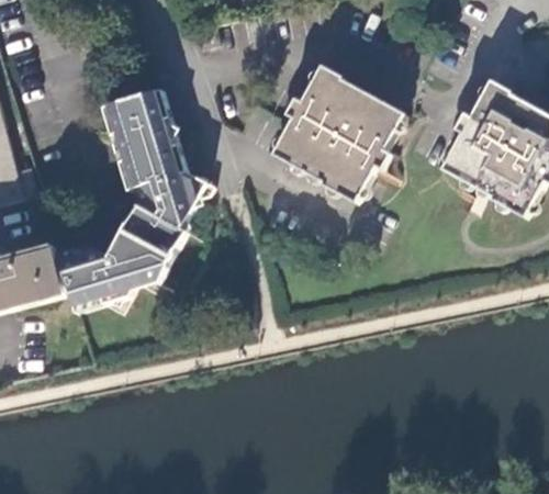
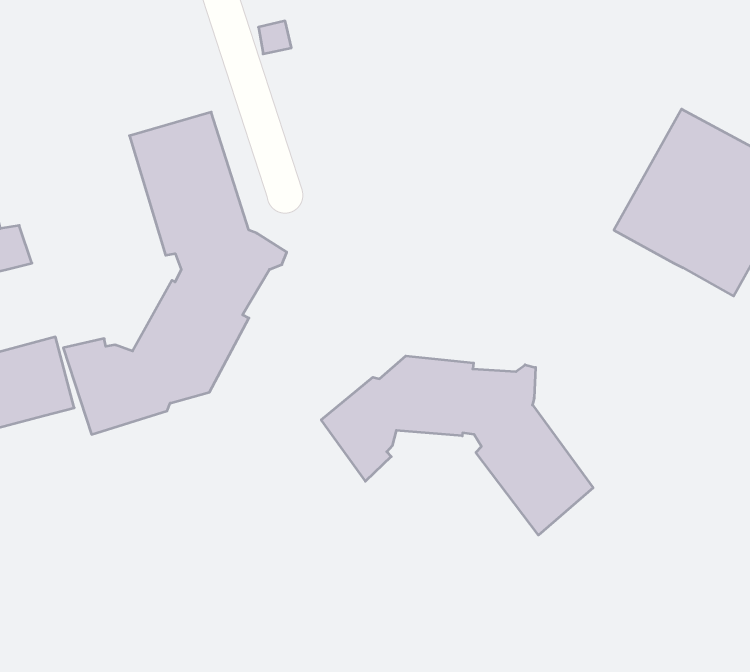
building: [272,66,403,198] -> none
building: none -> [321,356,593,535]

